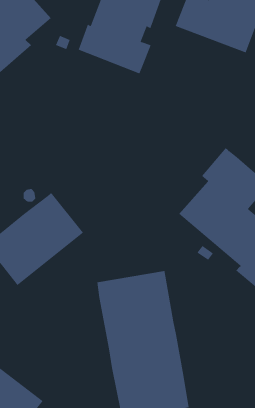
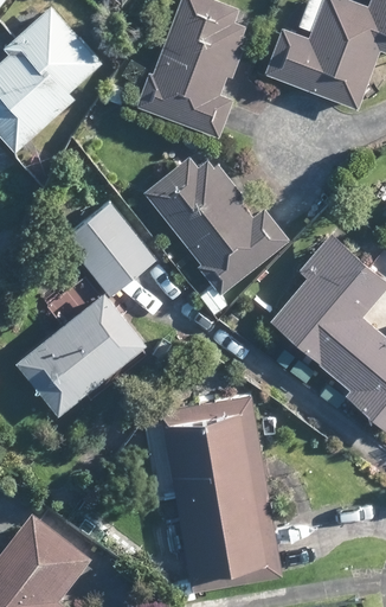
building: none -> [143,155,288,314]
building: none -> [64,200,157,295]

